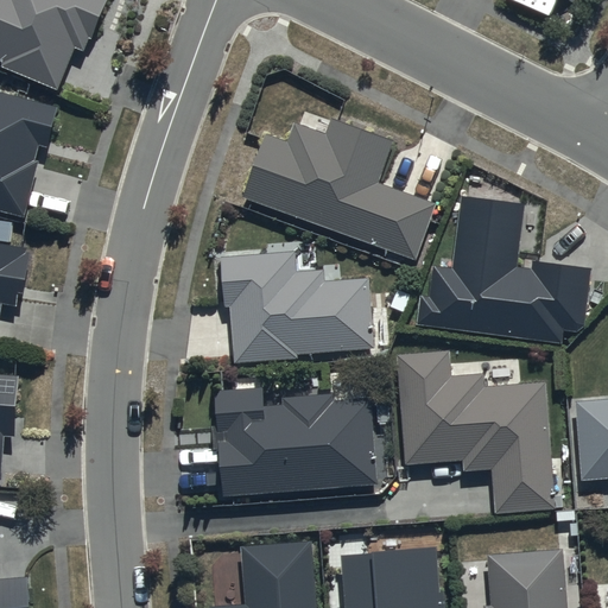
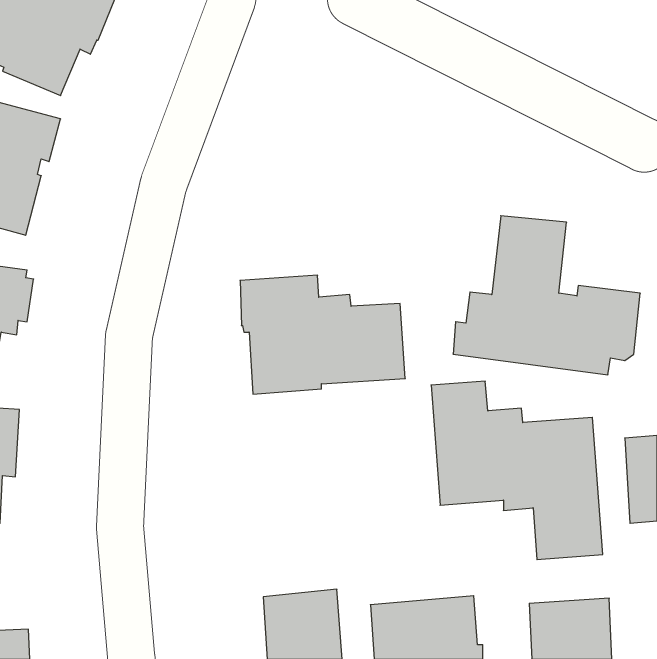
building: [243,119,432,260] -> none
building: [215,390,375,495] -> none

